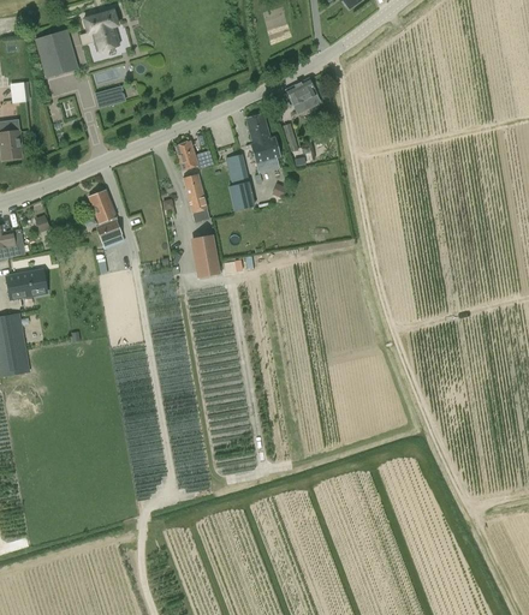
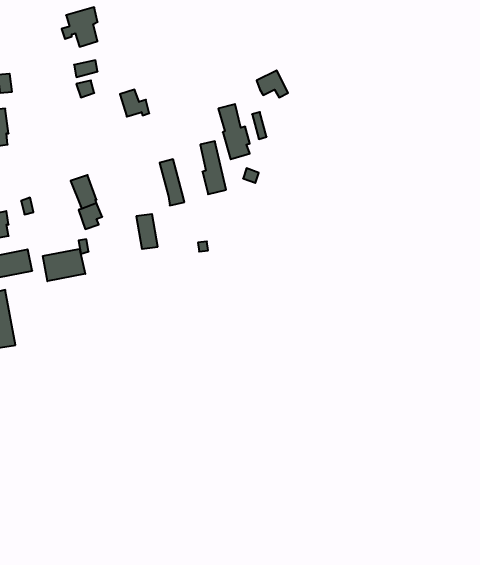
building: [36,29,78,77] -> none
building: [176,141,207,169] -> [120,90,149,117]
building: [196,238,219,275] -> [136,214,158,249]
building: none -> [43,249,85,281]

